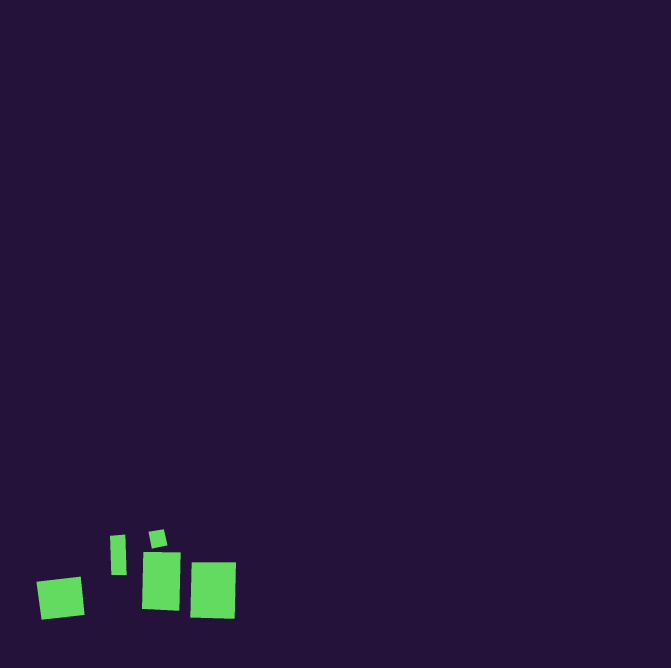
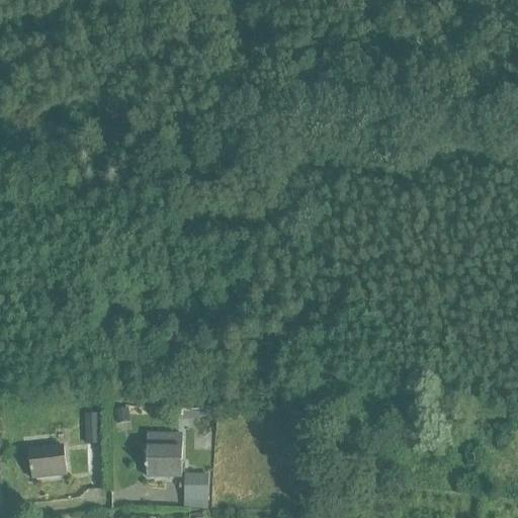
building: [141,551,181,611] -> none
building: none -> [183,472,207,508]

